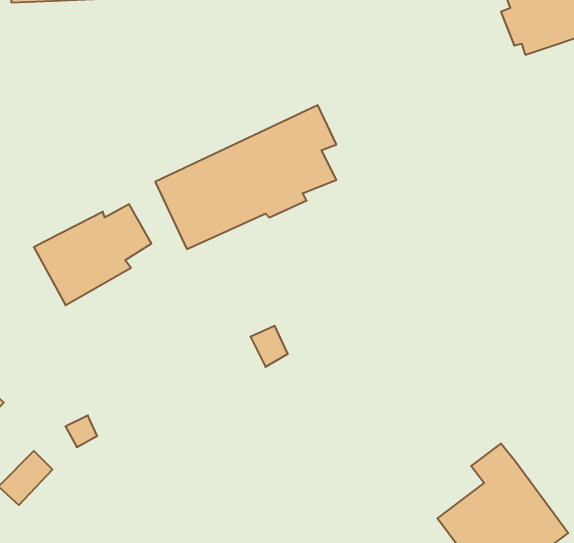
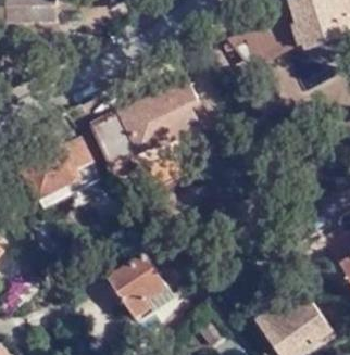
building: none -> [107,256,166,319]

